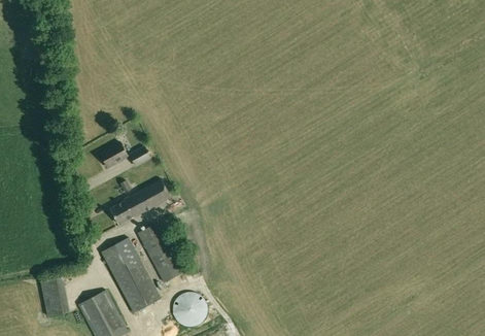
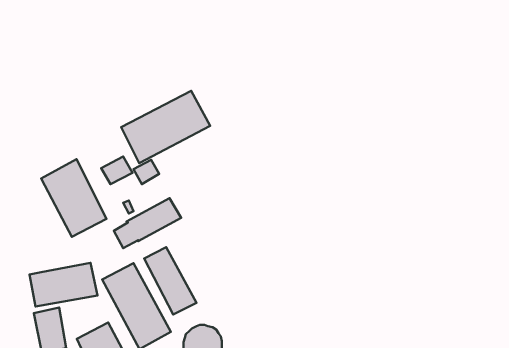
building: none -> [121,91,210,163]
building: none -> [41,159,107,237]
building: none -> [29,263,97,306]

